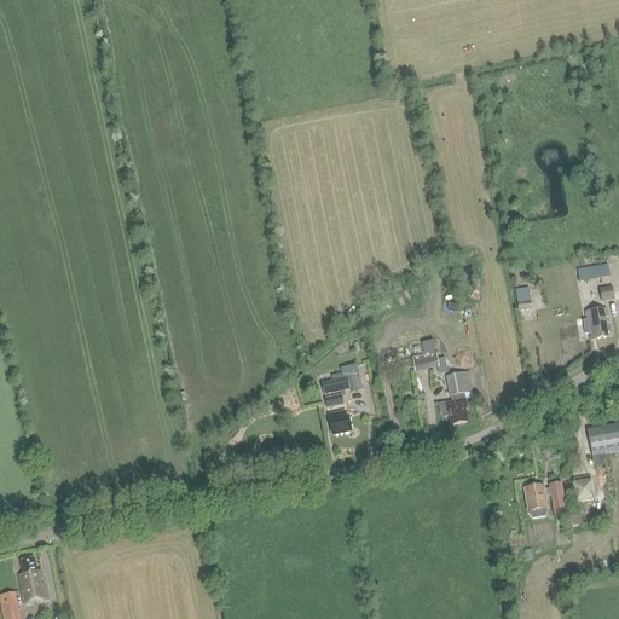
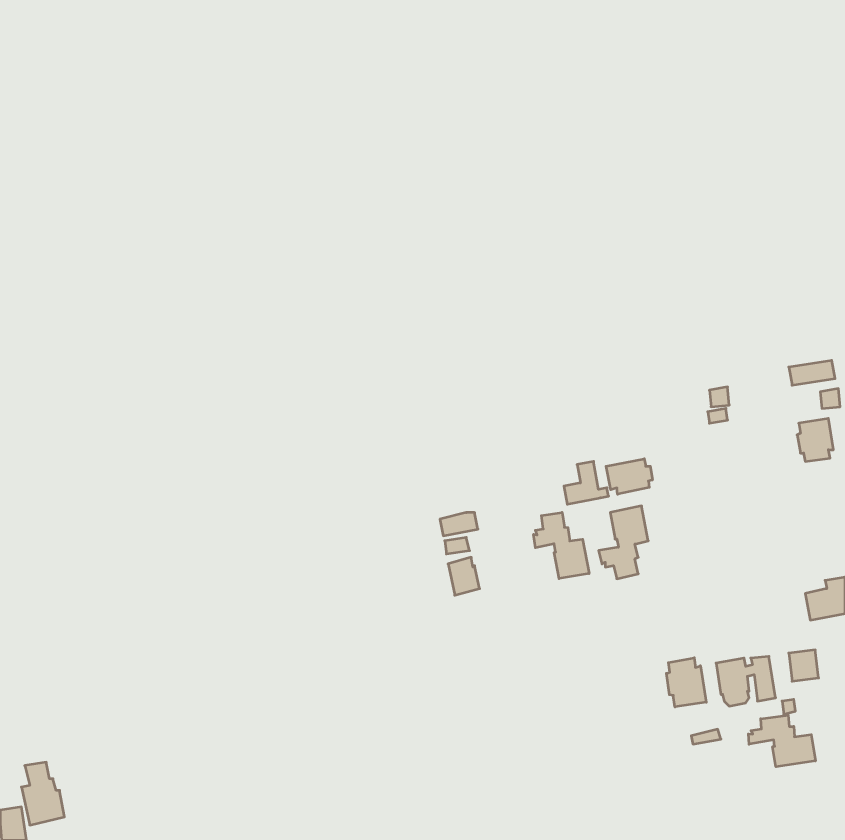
building: none -> [606,459,652,494]
building: none -> [534,512,589,579]
building: none -> [666,658,706,707]
building: none -> [748,715,815,767]

